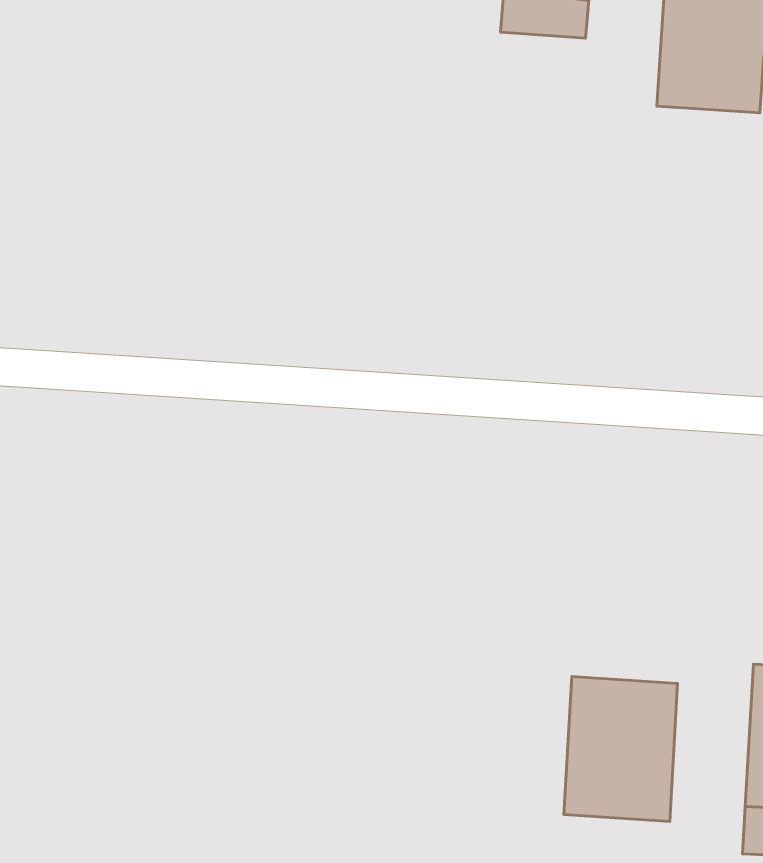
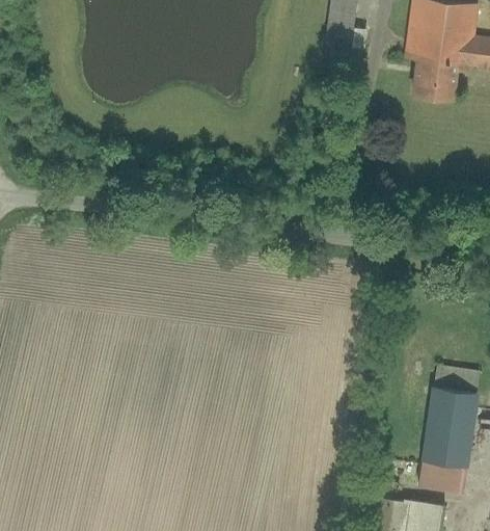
building: [564,676,678,821] -> none

